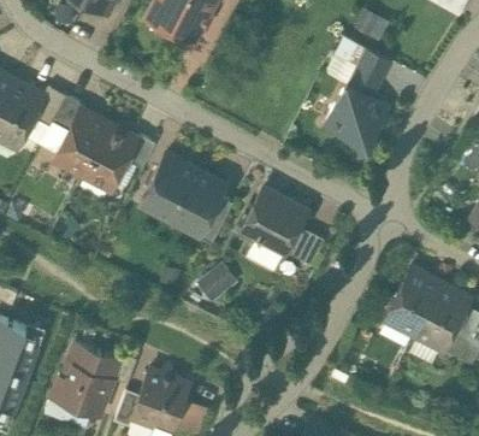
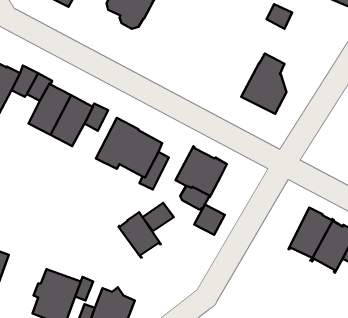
building: [354,51,391,86] -> none
building: [285,228,324,266] -> [194,205,225,235]
building: none -> [118,212,161,258]

